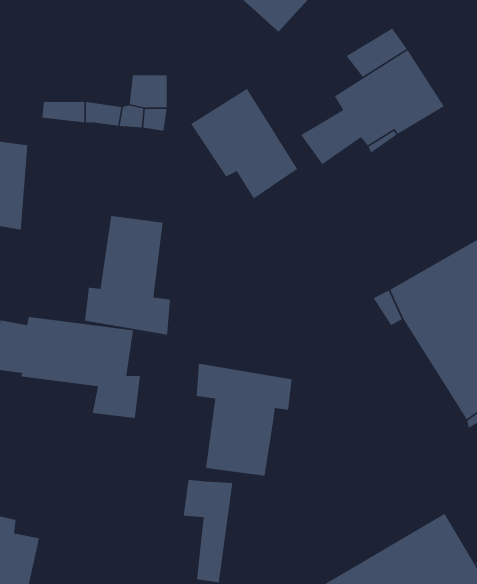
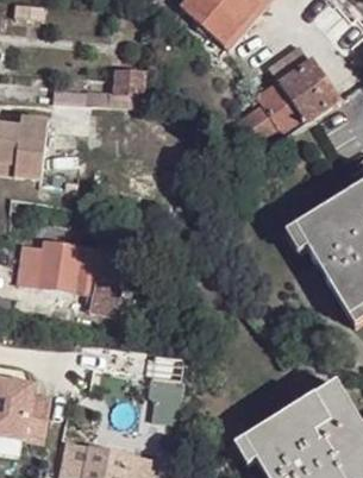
building: [190,88,298,199] -> none
building: [84,215,171,335] -> none
building: [196,363,293,476] -> none

